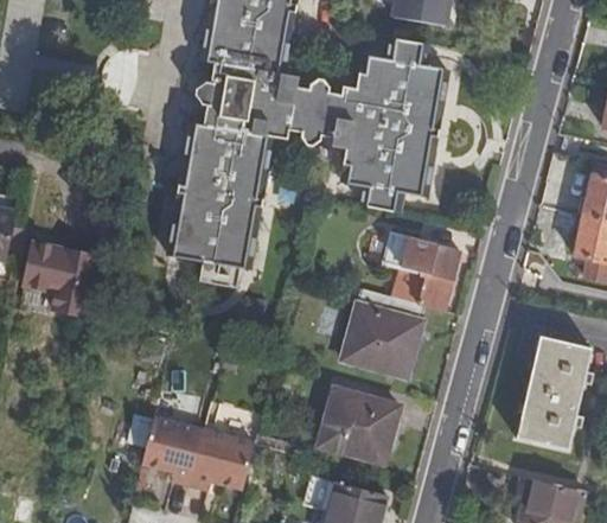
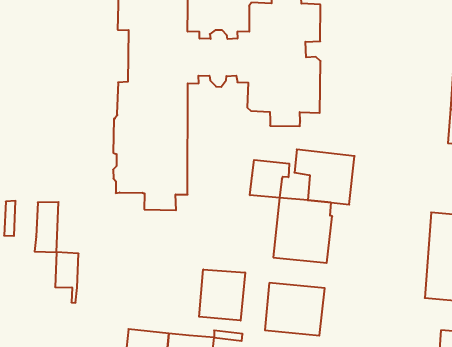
building: none -> [250,160,289,198]
building: [38,244,72,308] -> [55,252,79,303]
building: none -> [199,269,245,321]

